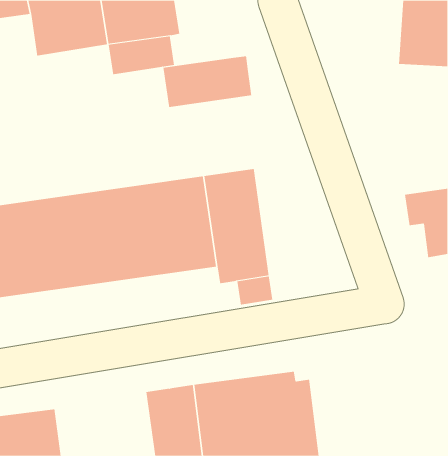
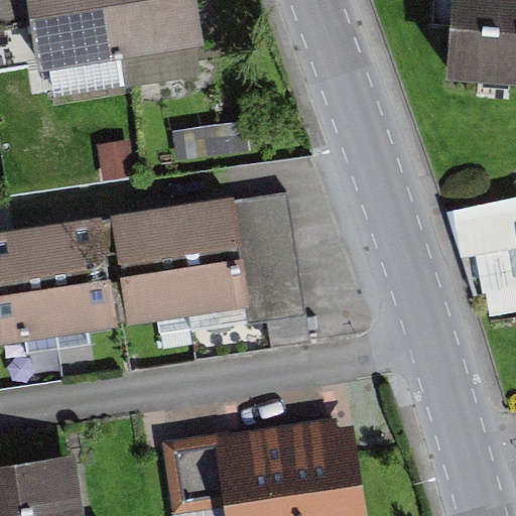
building: [163,55,252,108] -> none

